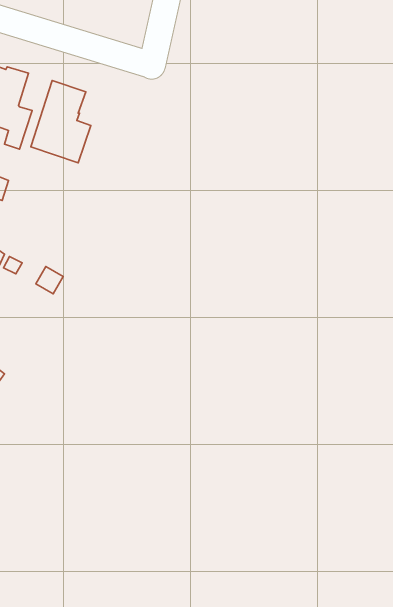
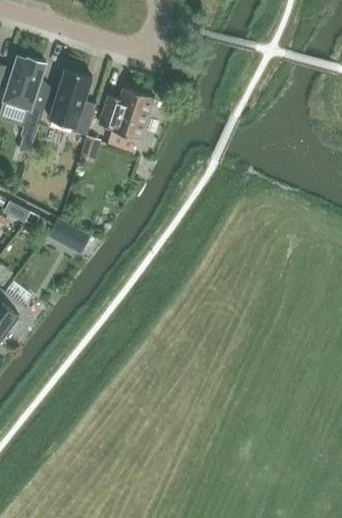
building: none -> [97,88,153,139]

